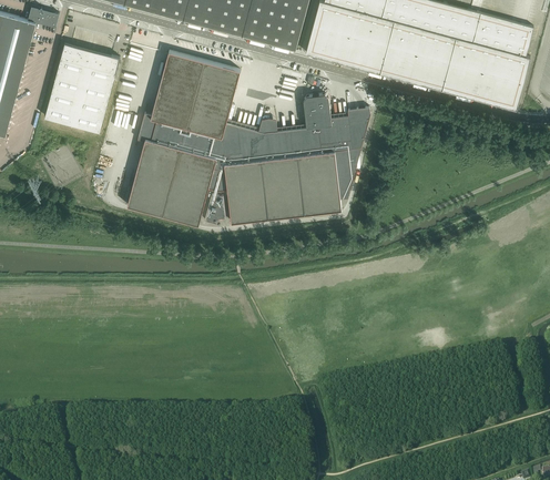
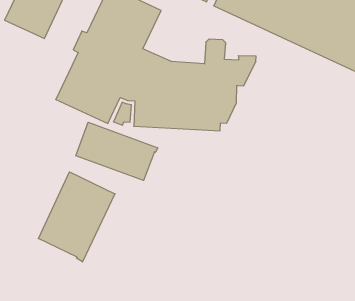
building: none -> [76,122,158,180]
building: none -> [38,172,115,262]

